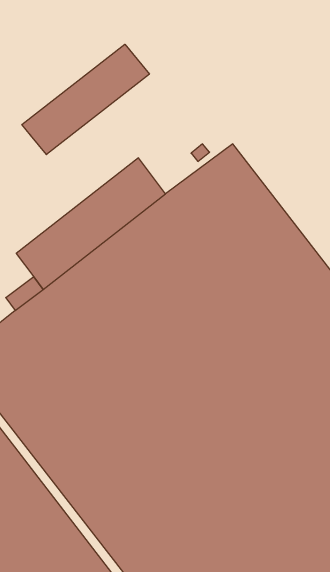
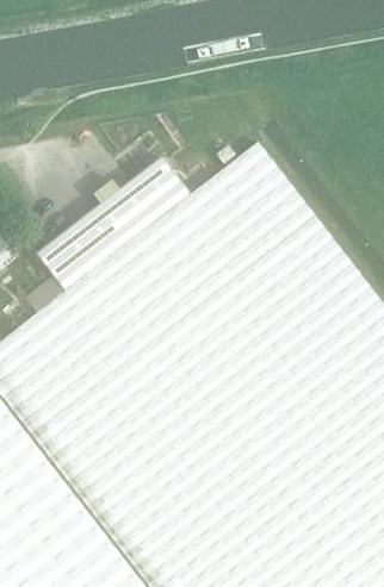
building: [22,44,149,155] -> none

